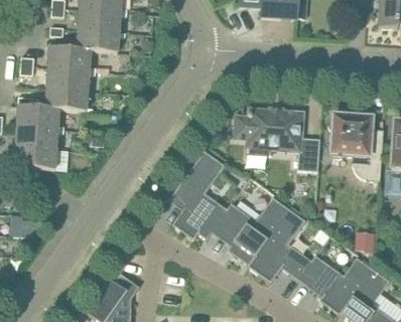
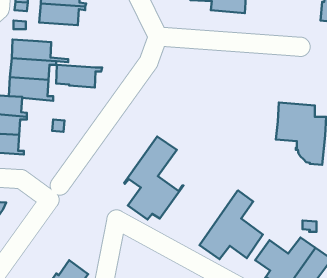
building: [76,28,125,52] -> [56,65,102,87]
building: [234,108,319,170] -> none
building: [200,196,288,267] -> none

